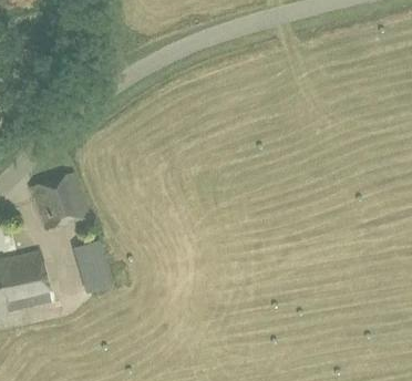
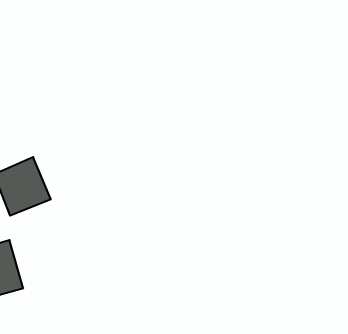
building: [75,235,111,289] -> none

